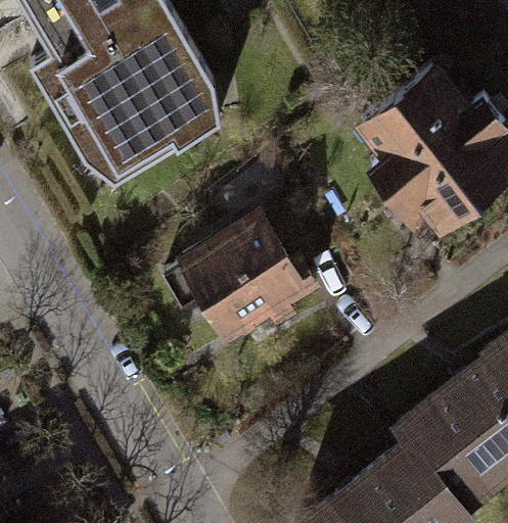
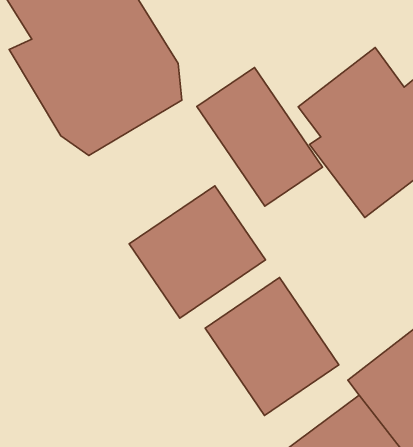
building: none -> [197,67,323,206]
building: none -> [205,277,339,415]

